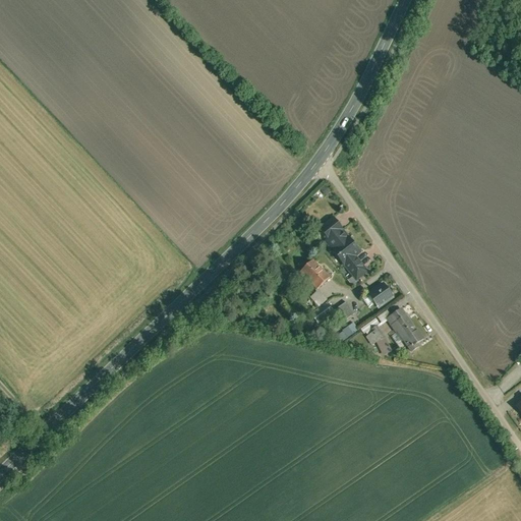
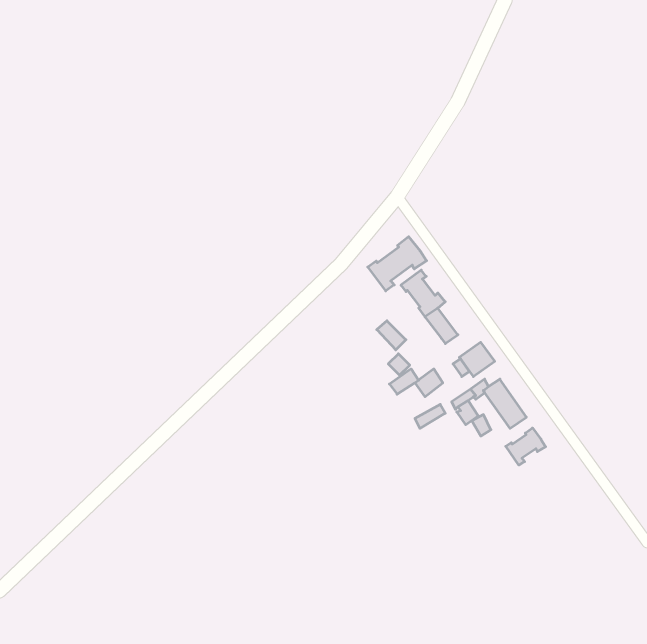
building: none -> [368,237,427,291]
building: none -> [506,428,546,465]

